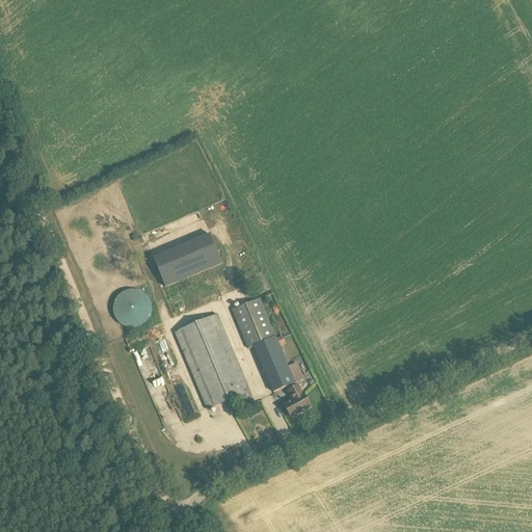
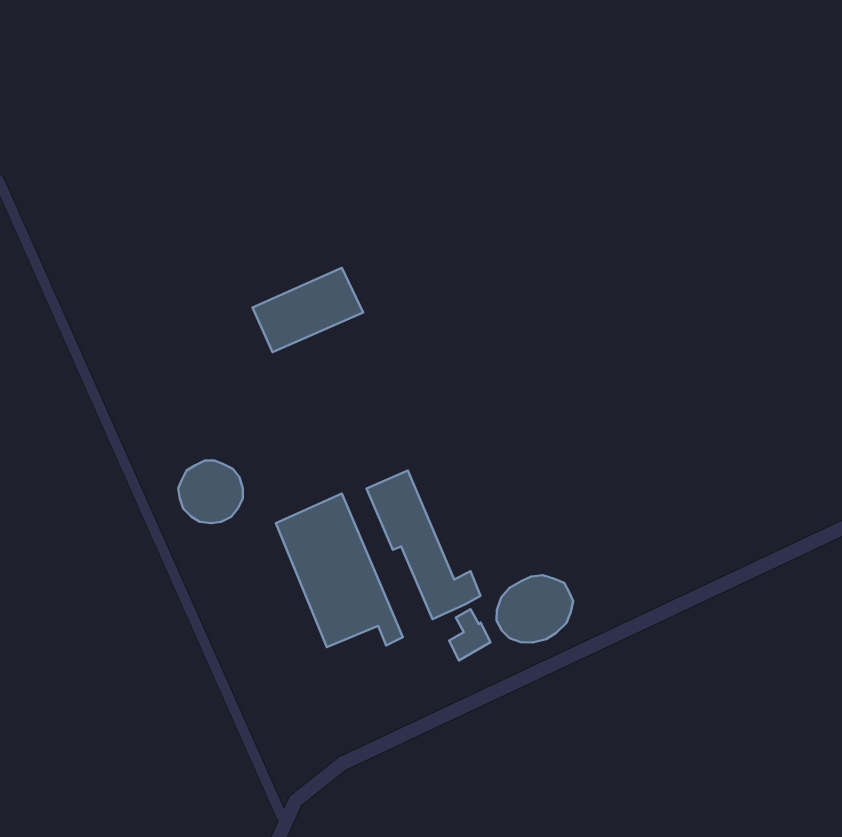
building: [153,231,222,284] -> [253,268,363,352]
building: none -> [496,575,573,643]

